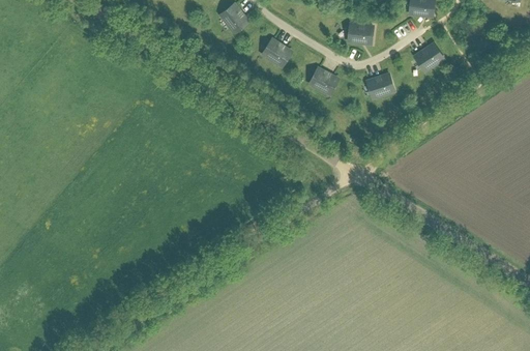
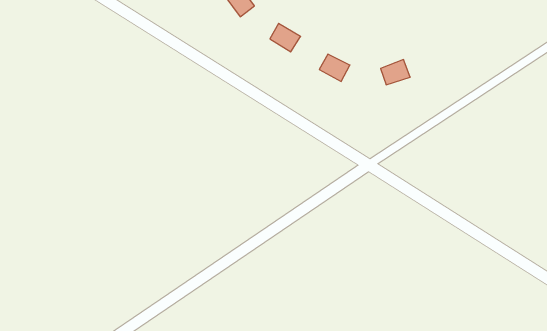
building: [348,24,374,43] -> none
building: [415,43,444,70] -> none

